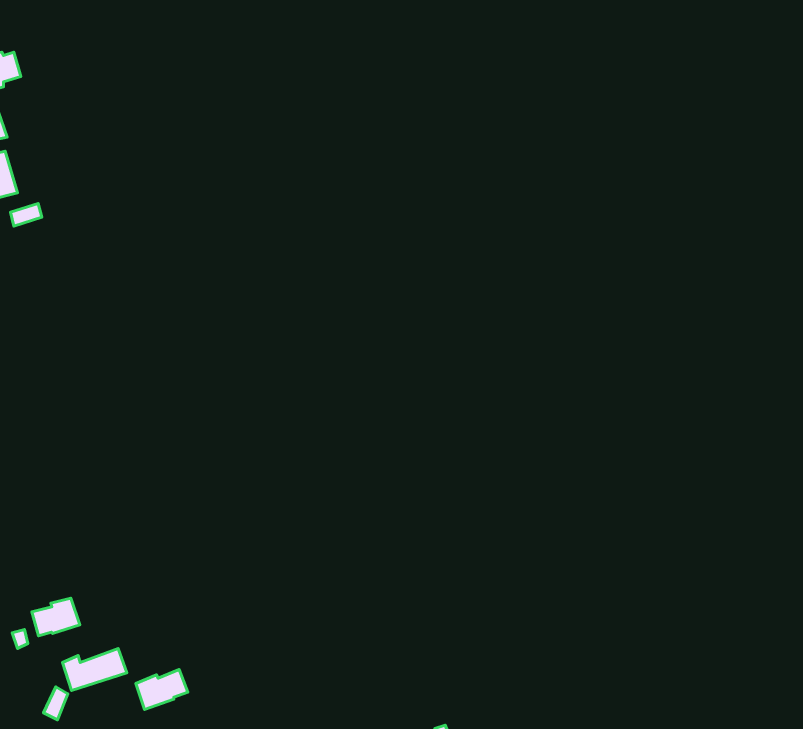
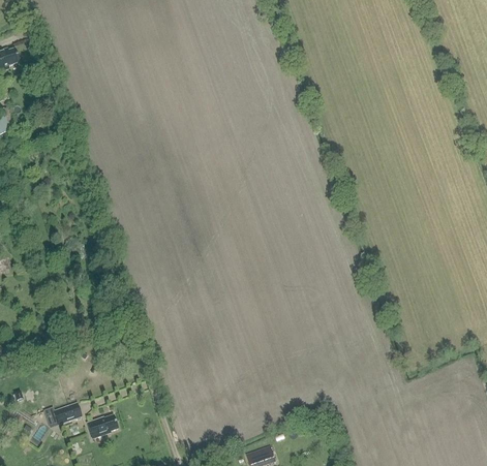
building: [32,598,80,636] -> none

